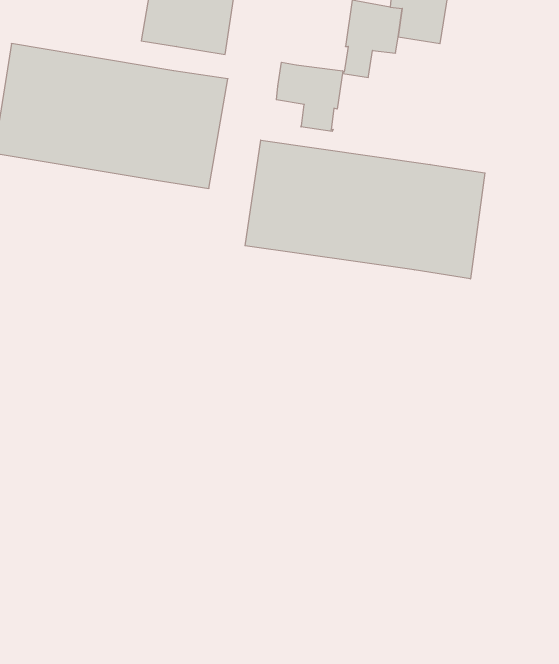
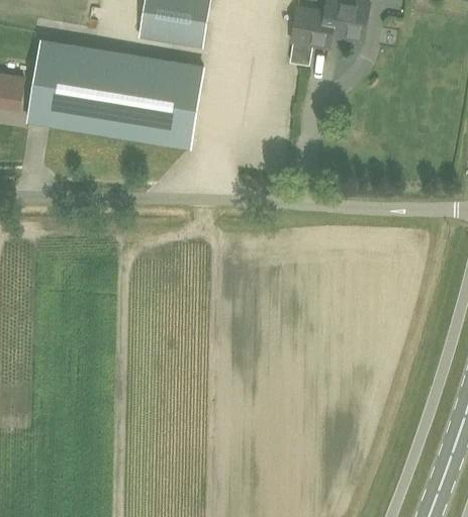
building: [276,62,343,131] -> none
building: [245,140,485,279] -> none

